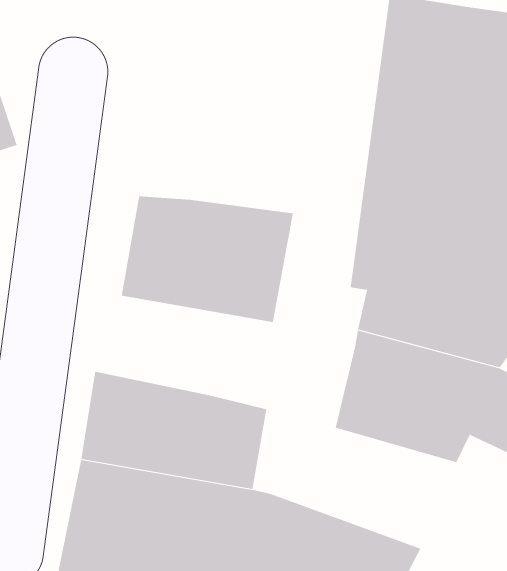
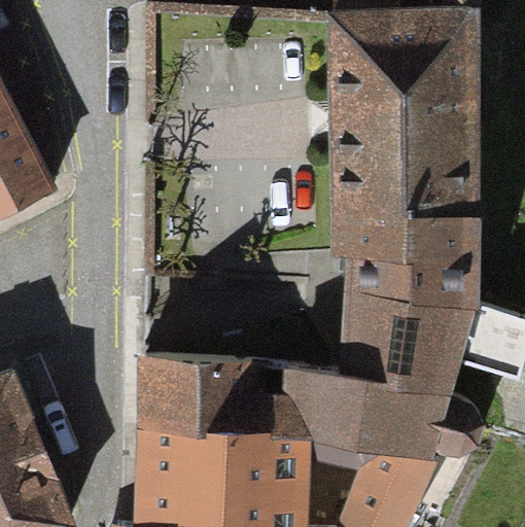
building: [121,195,294,323] -> none
building: none -> [285,362,480,454]

